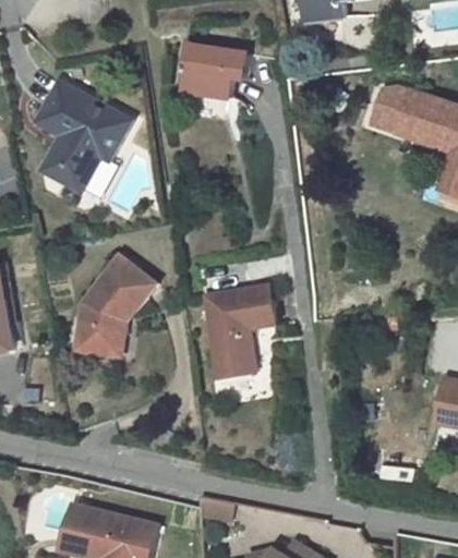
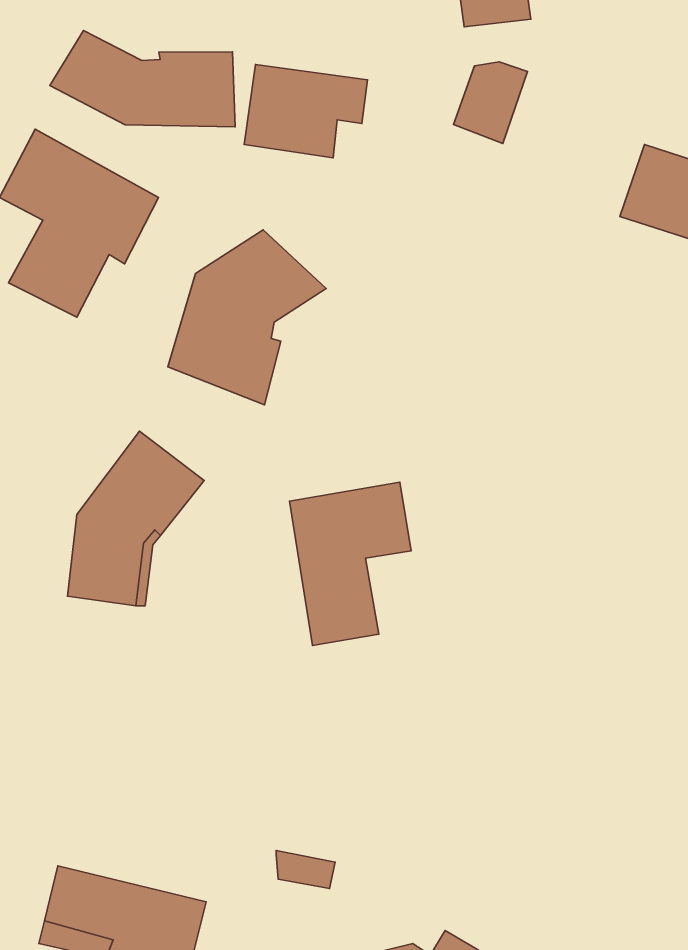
building: none -> [50,30,235,127]
building: [366,85,409,132] -> [453,62,528,144]
building: none -> [168,230,326,405]

